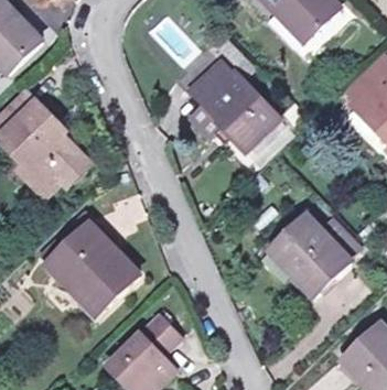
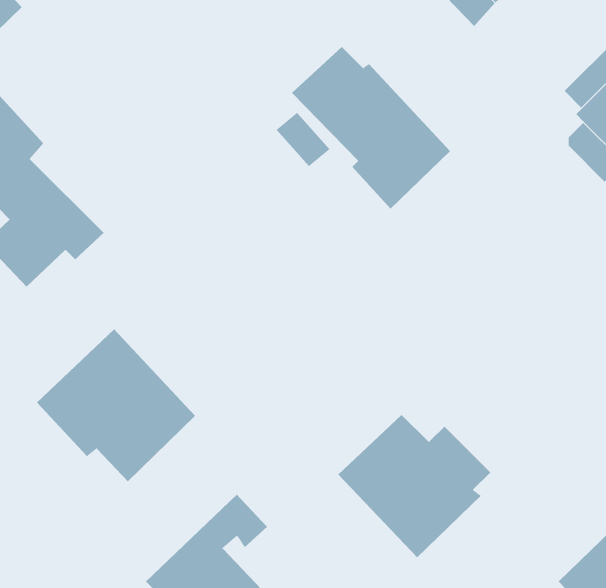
building: [270,219,357,301] -> [337,414,491,558]

